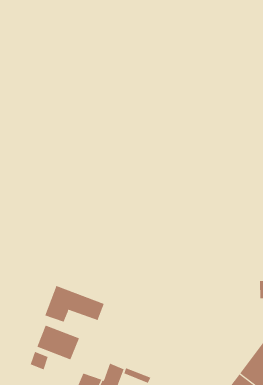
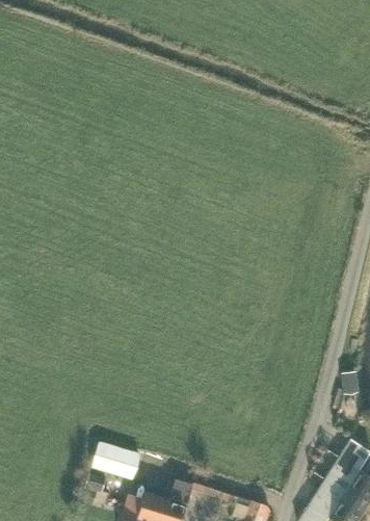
building: [44,285,105,322] -> none

